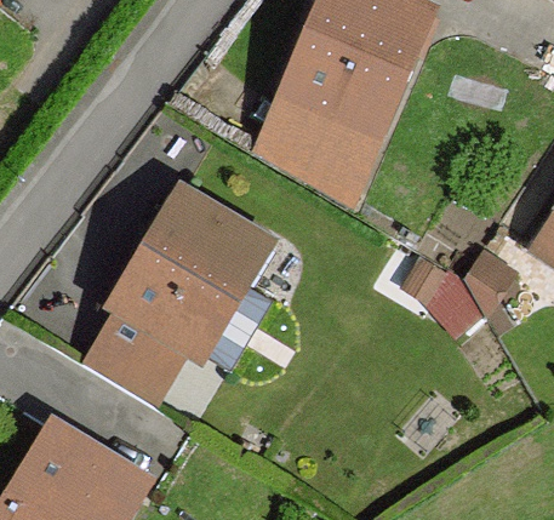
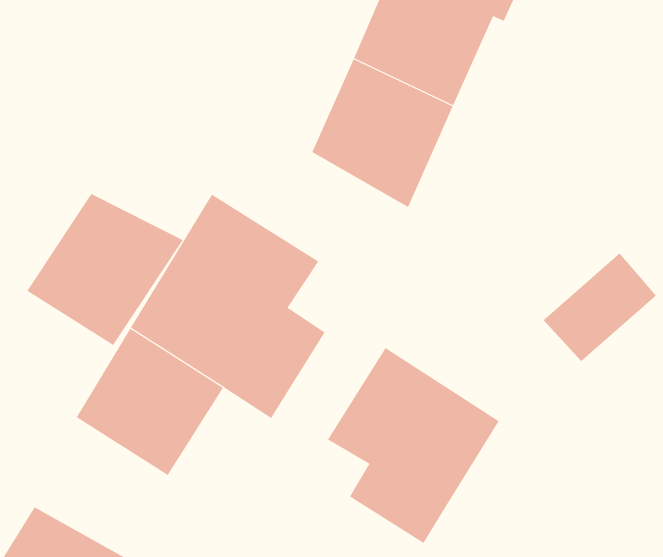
building: none -> [26,193,183,346]
building: none -> [327,347,499,544]

